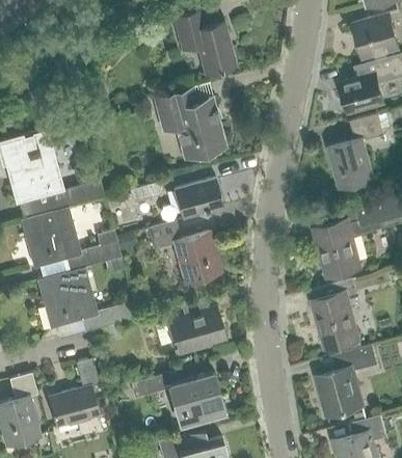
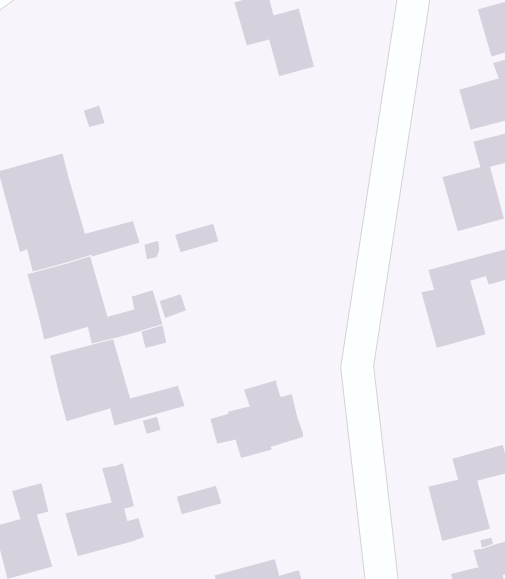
building: [155,88,225,159] -> none
building: [175,179,224,218] -> none
building: [148,221,220,284] -> none
building: [310,279,357,348] -> none
building: [169,374,221,427] -> none

